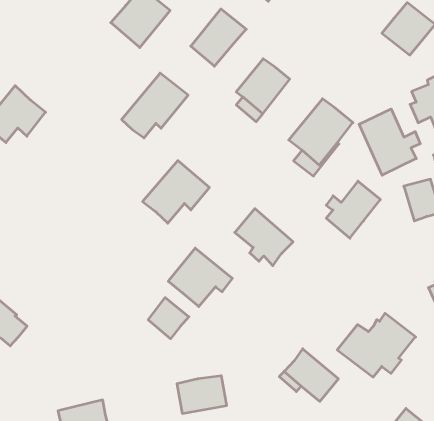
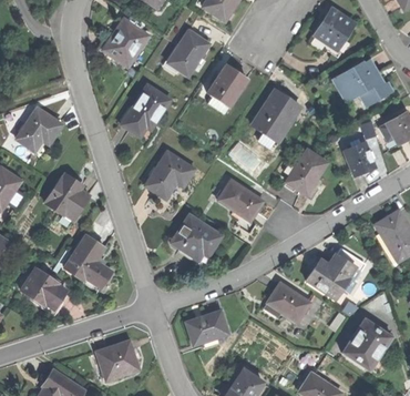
building: [359,109,420,175] -> none
building: none -> [48,172,92,217]
building: none -> [68,235,113,287]
building: [148,298,189,339] -> none

